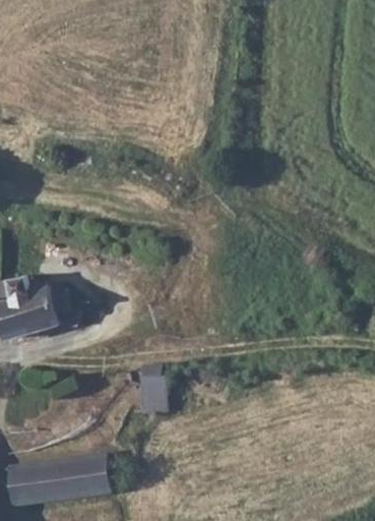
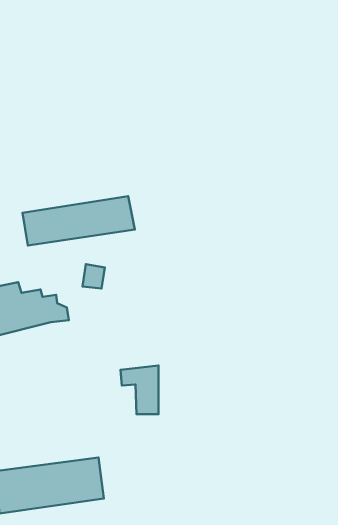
building: none -> [22,196,135,246]

